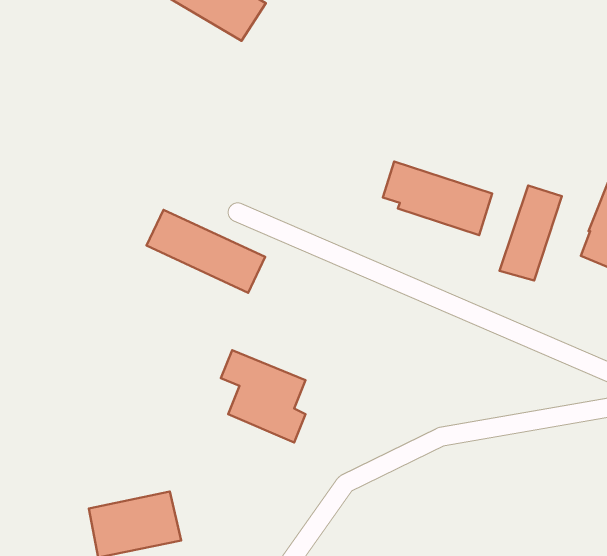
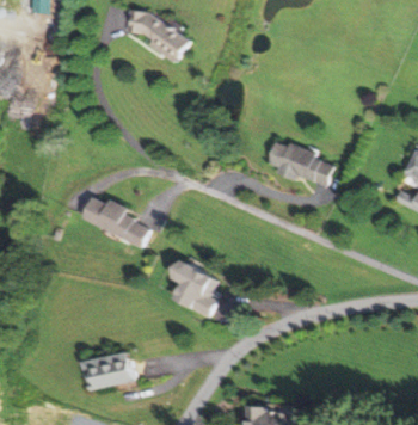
building: [500,186,562,281] -> none
building: [146,210,265,293] -> [79,195,154,247]

